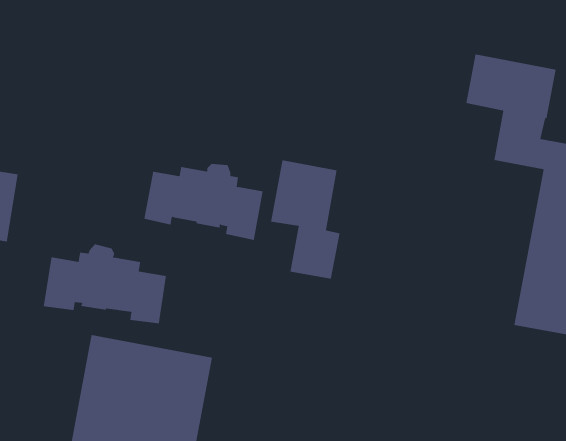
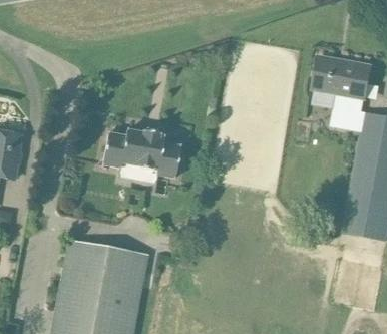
building: [270,160,340,279] -> none
building: [43,244,166,324] -> none

